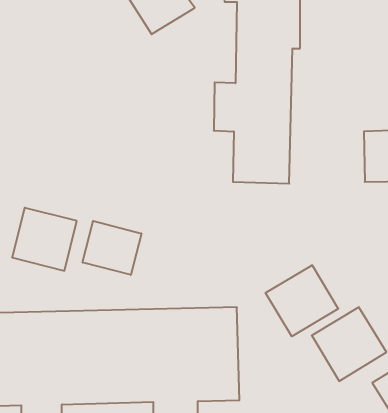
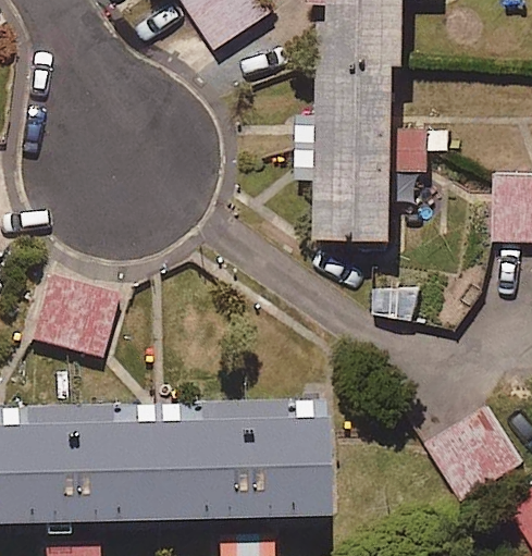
building: [83,221,141,275] -> none
building: [266,265,338,336] -> none

